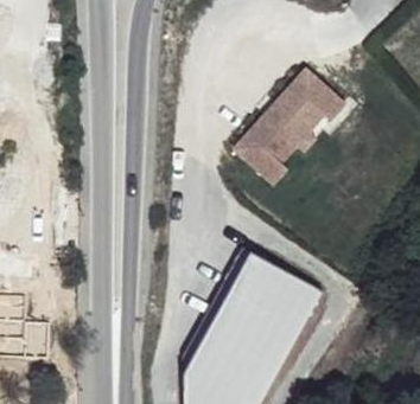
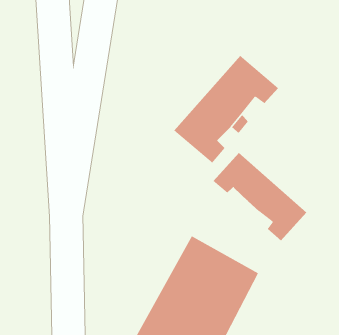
building: none -> [212,152,307,241]

